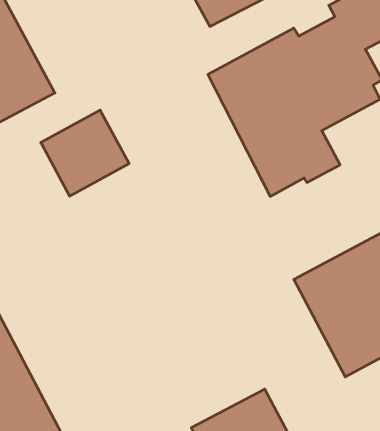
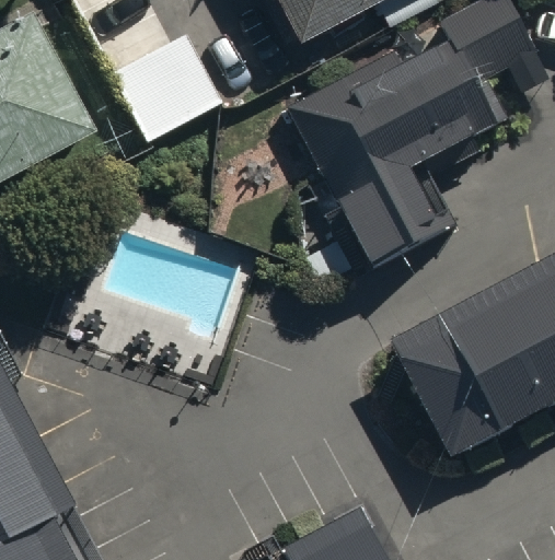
building: [41,110,129,196] -> [109,32,220,139]

